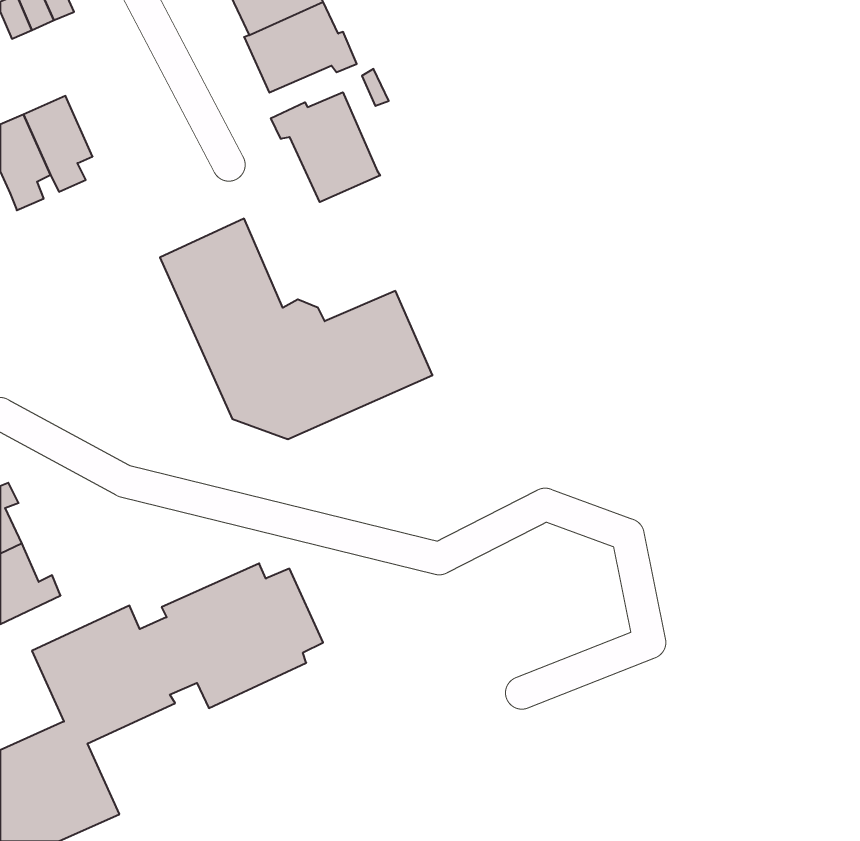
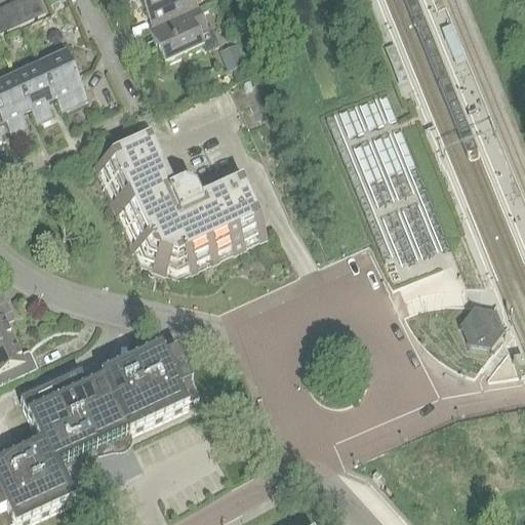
building: none -> [40,47,87,106]
building: [271,92,380,202] -> none
building: none -> [461,306,500,340]

